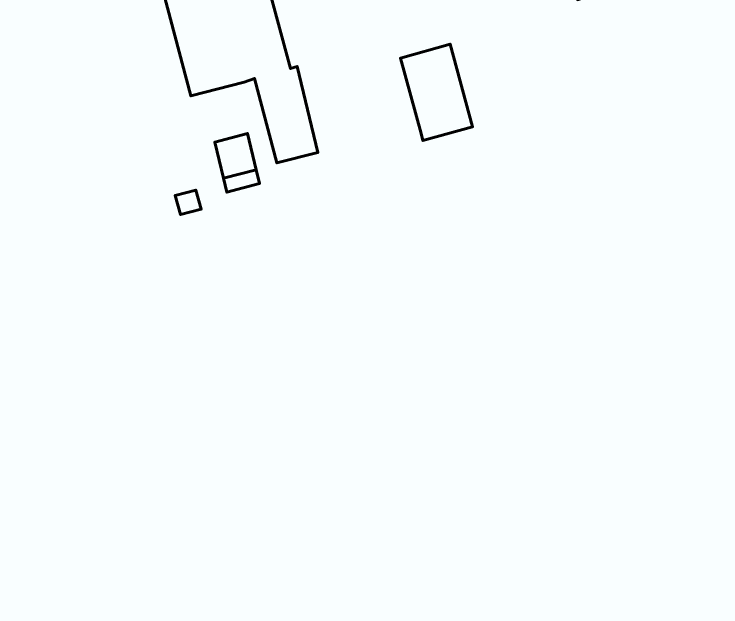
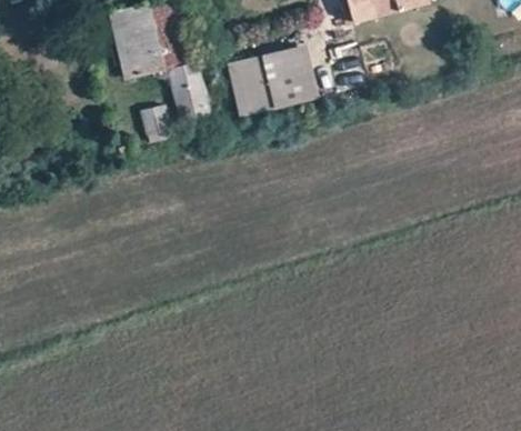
building: none -> [236,56,273,111]

